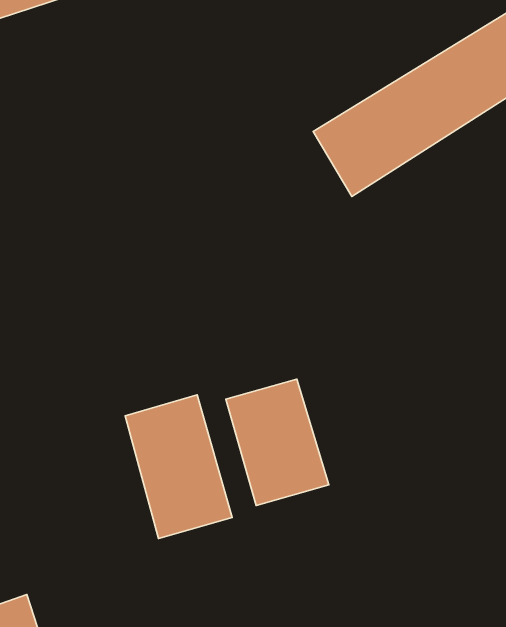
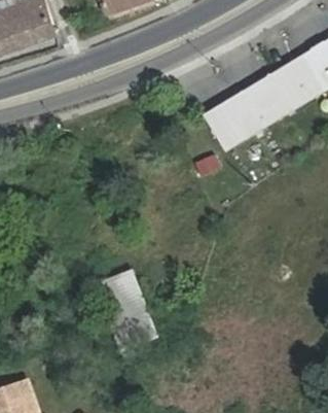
building: [226,379,329,506] -> none

